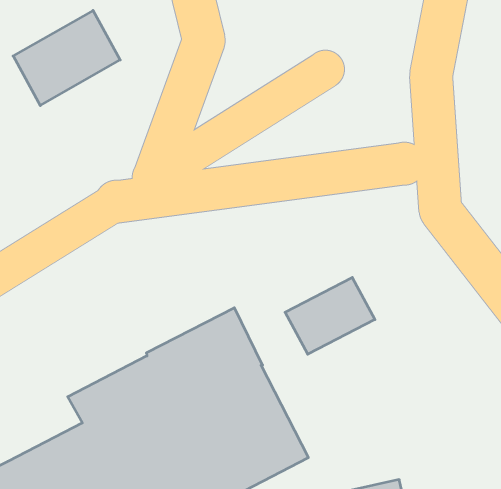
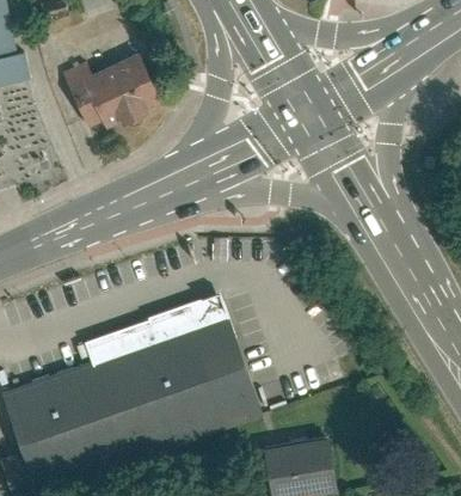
building: [285,277,375,354] -> none

